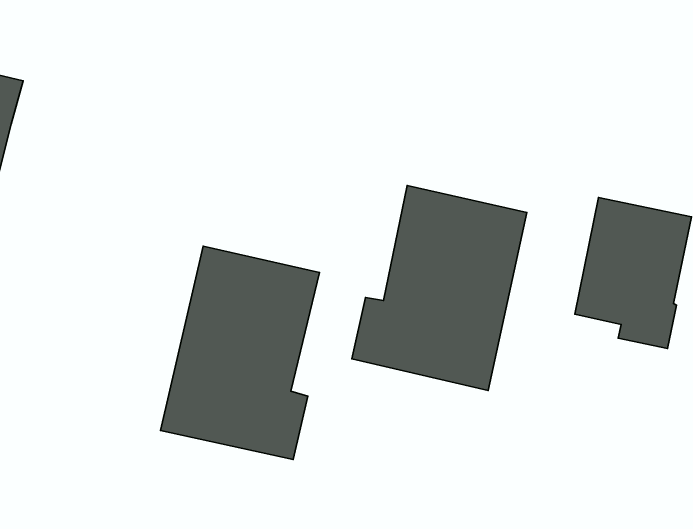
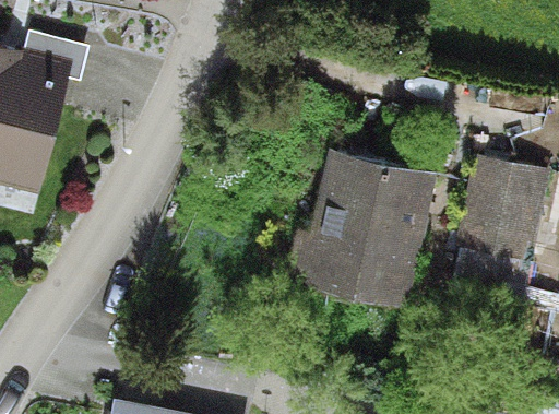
building: [161,246,320,460] -> none

